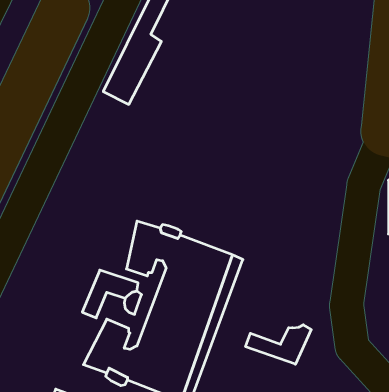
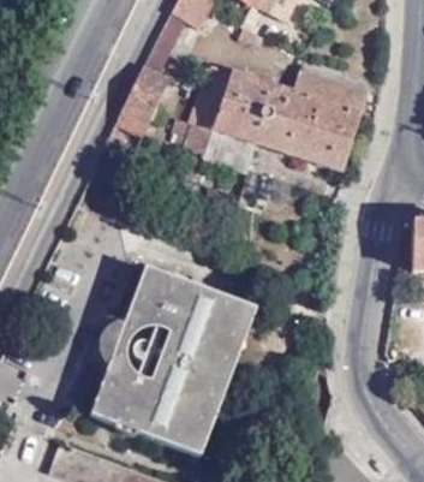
building: none -> [183,66,365,172]
building: [246,325,311,364] -> none

